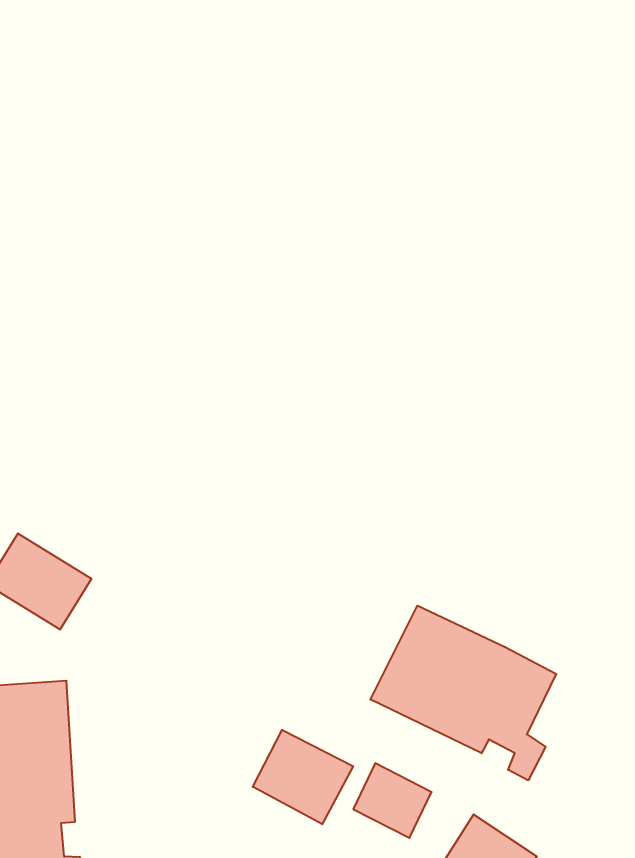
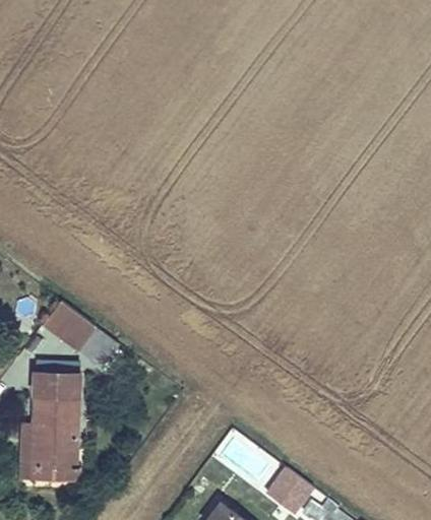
building: [370,606,556,780] -> none
building: [253,730,353,824] -> none

